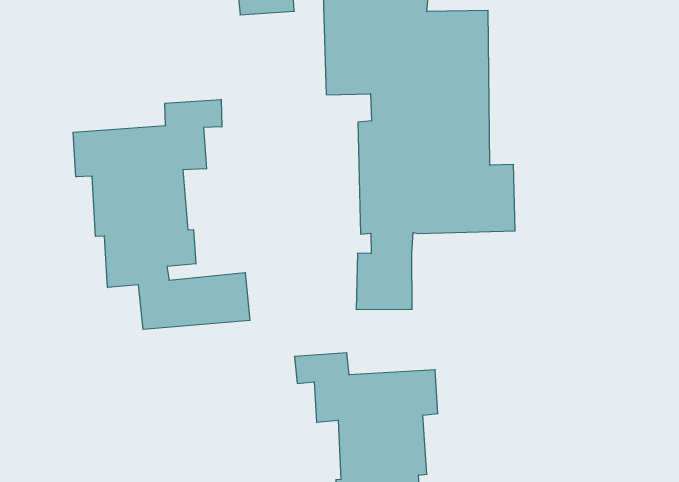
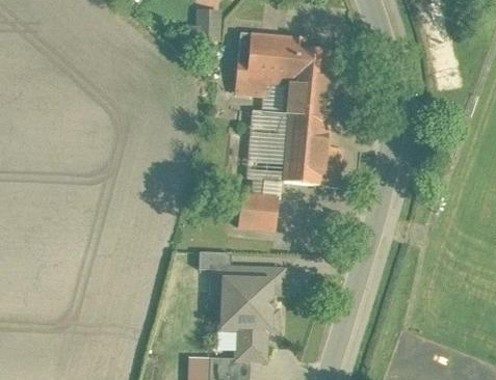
building: [73,99,250,329] -> none

